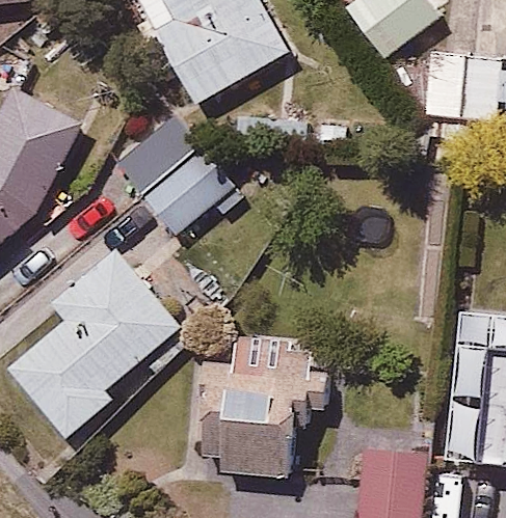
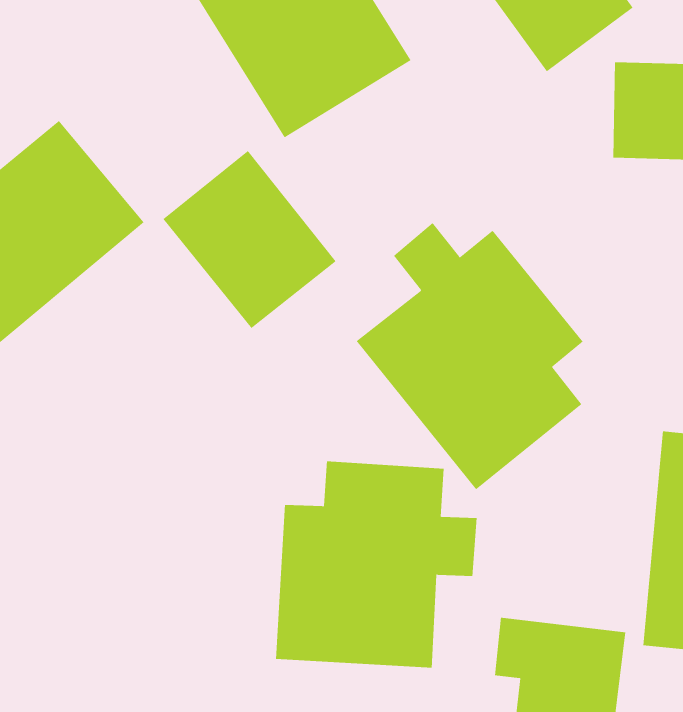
building: none -> [356,222,584,490]
building: [9,242,190,433] -> none

